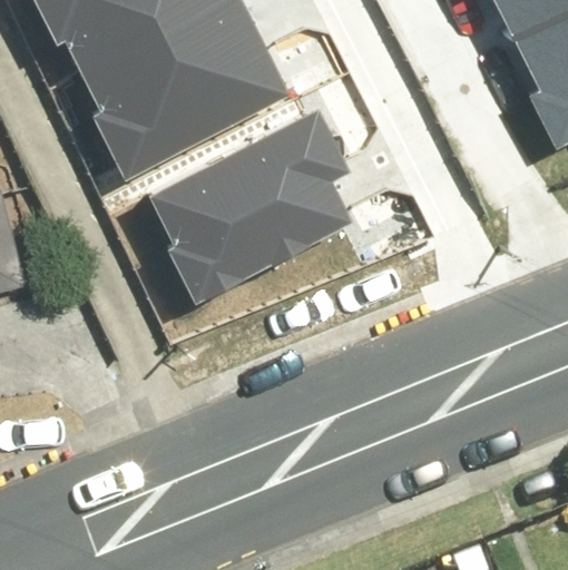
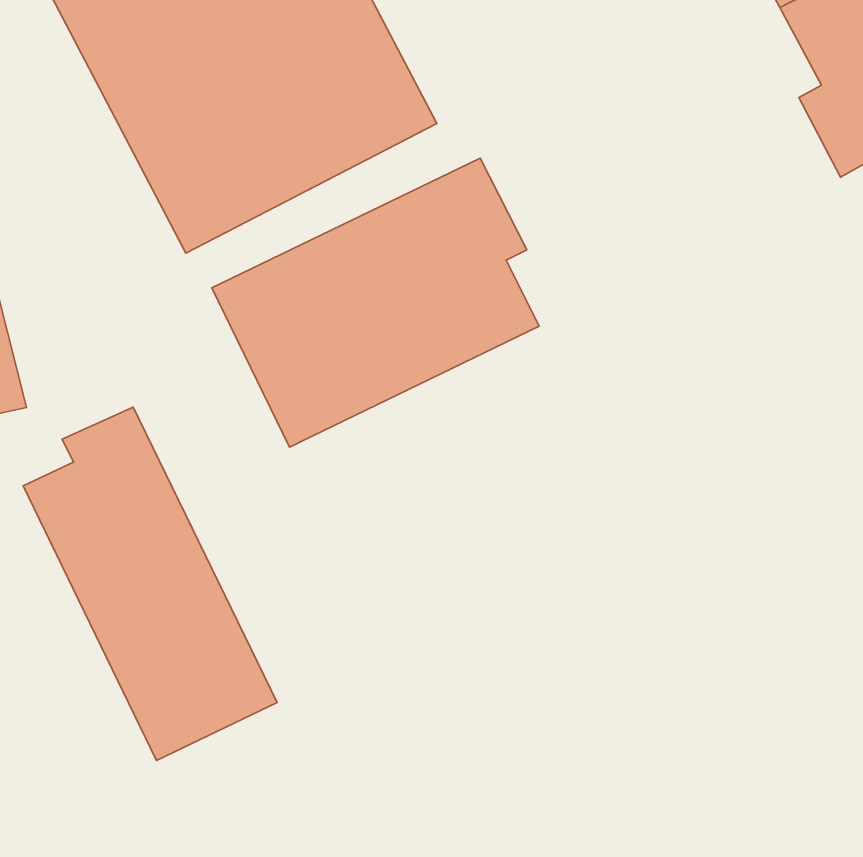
building: none -> [23,407,277,761]

